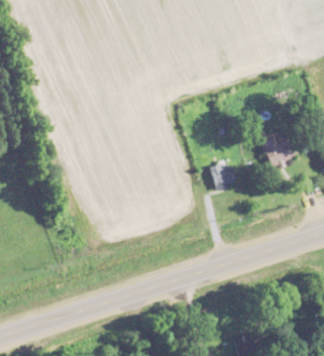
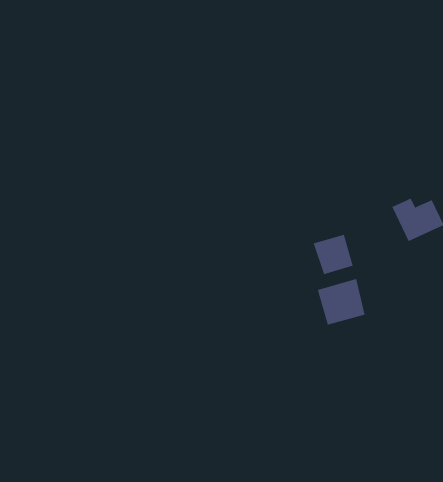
building: none -> [317,278,365,325]

